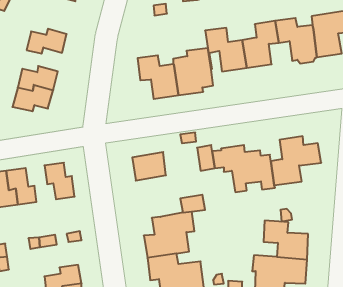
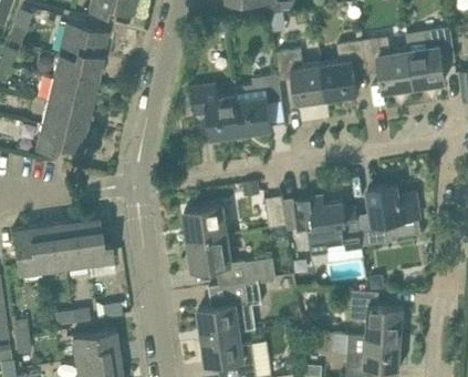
building: none -> [59,23,108,59]
building: none -> [48,74,97,105]
building: none -> [52,222,90,267]
building: none -> [189,234,232,271]
building: none -> [72,329,117,360]

